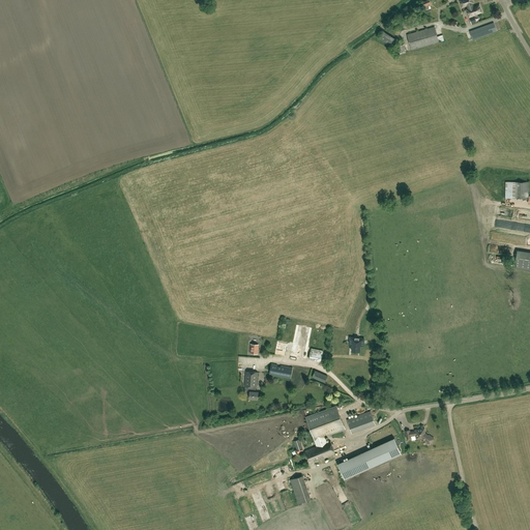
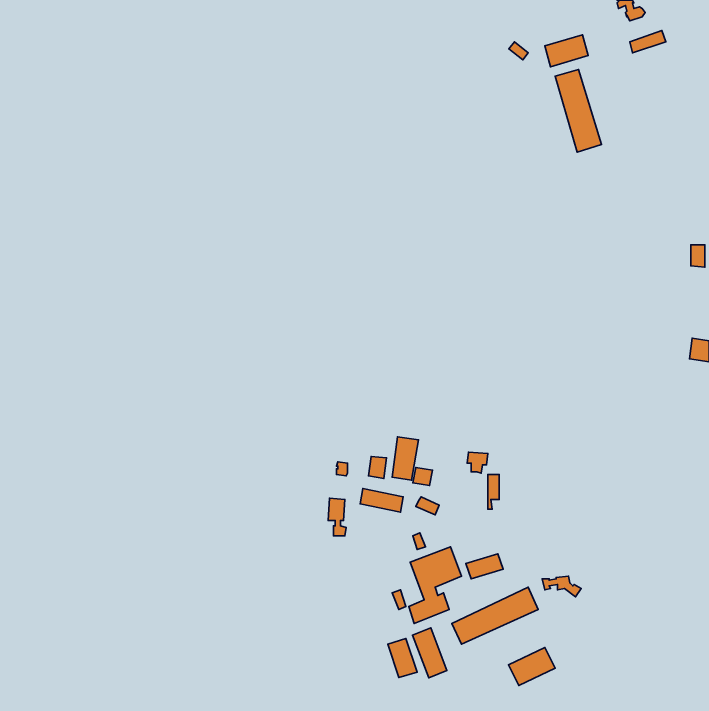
building: none -> [555,69,602,152]
building: none -> [413,628,447,678]
building: none -> [508,648,555,685]

